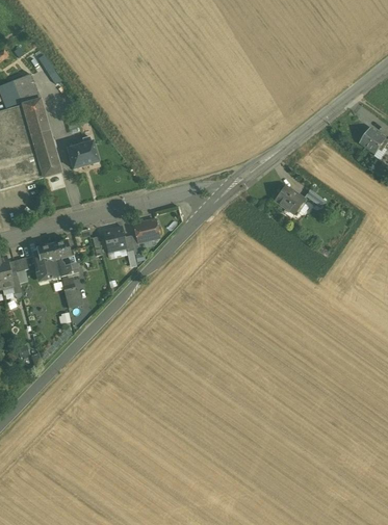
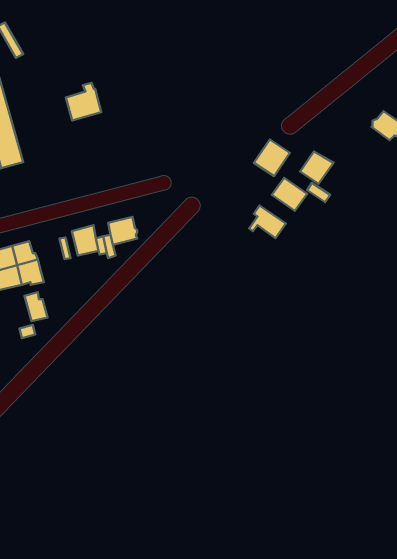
building: [68,136,98,168] -> [66,83,101,121]
building: none -> [254,140,290,176]
building: none -> [300,151,333,184]
building: none -> [249,206,286,238]

